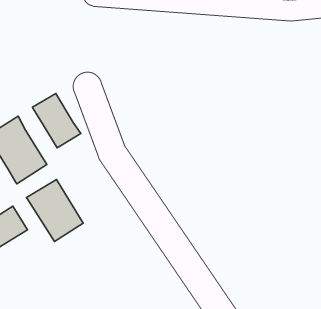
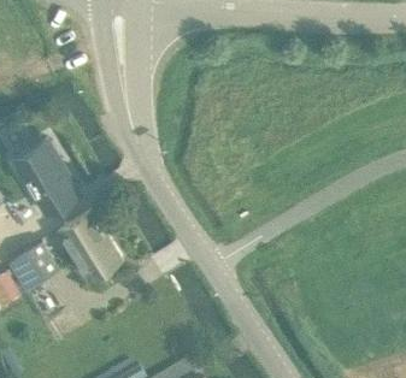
building: [32,93,81,148] -> none

